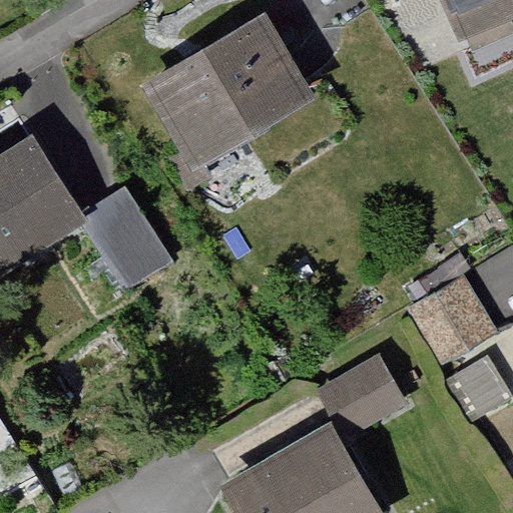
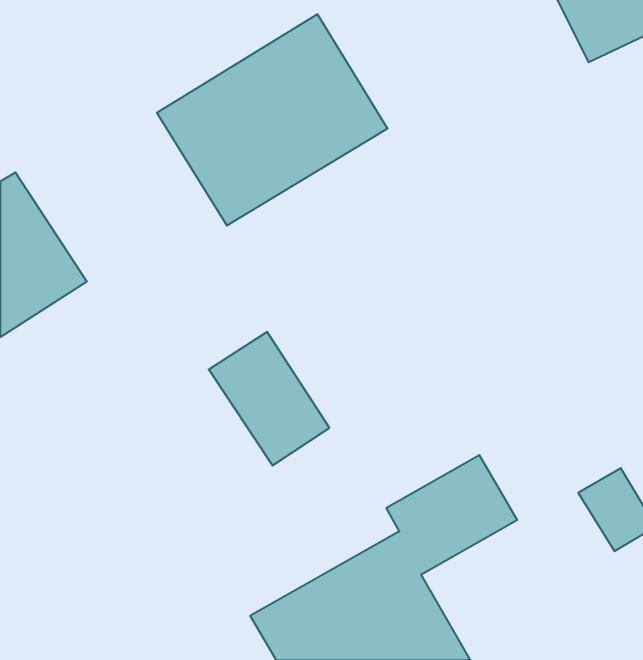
building: [85,195,178,299] -> [209,332,329,465]
building: [419,285,503,368] -> none

